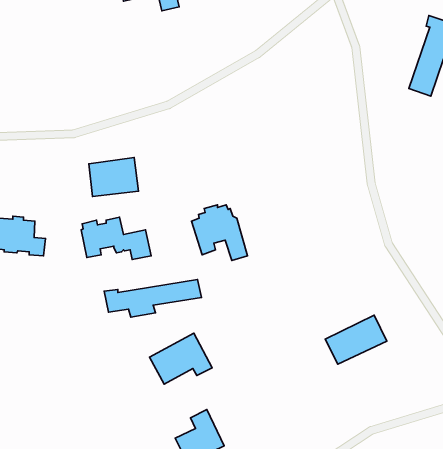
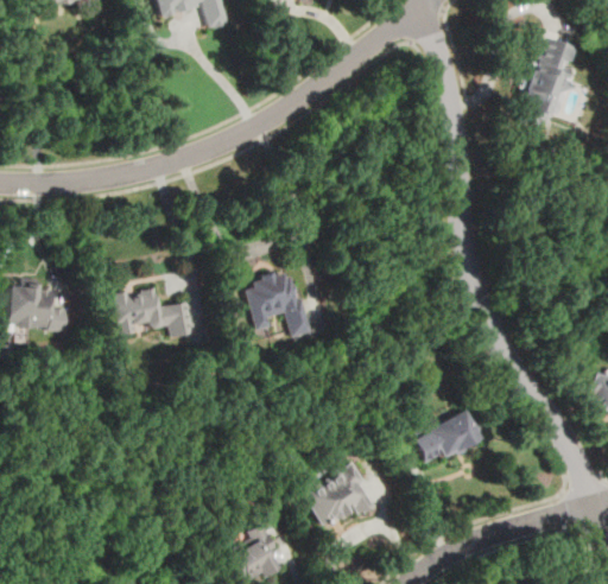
building: [89,157,138,197] -> none
building: [104,280,202,317] -> none
building: [150,333,212,384] -> [303,462,380,525]

